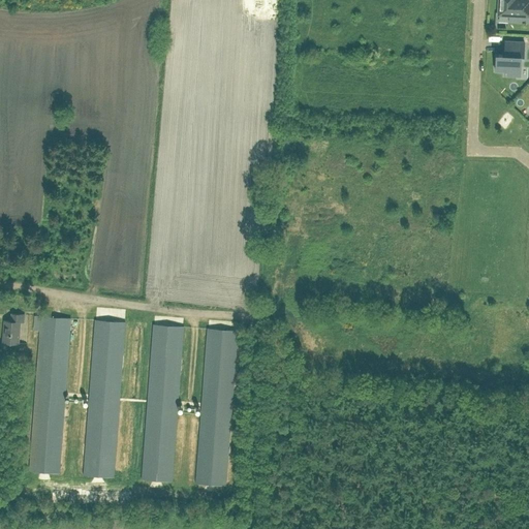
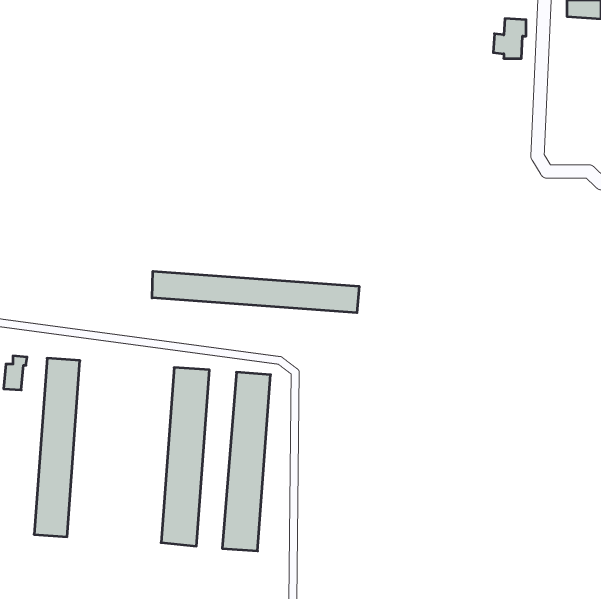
building: [495,41,524,76] -> [493,19,526,58]
building: none -> [152,271,359,313]
building: [83,320,125,477] -> none

